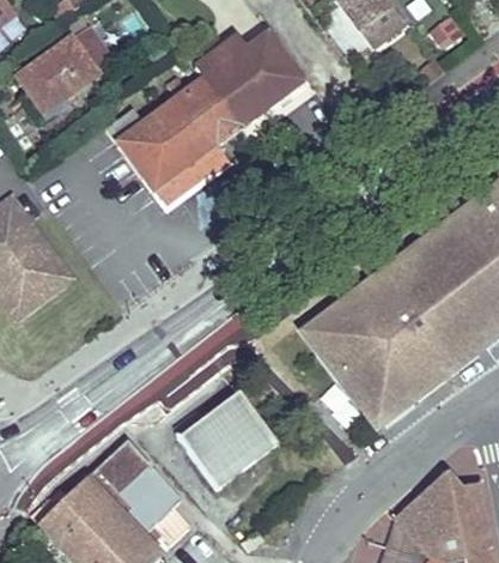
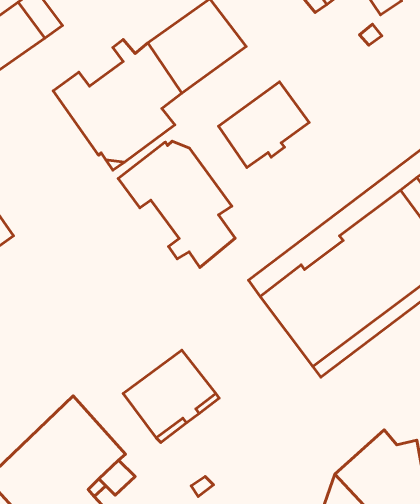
building: none -> [219,82,309,168]
building: none -> [118,141,235,267]

